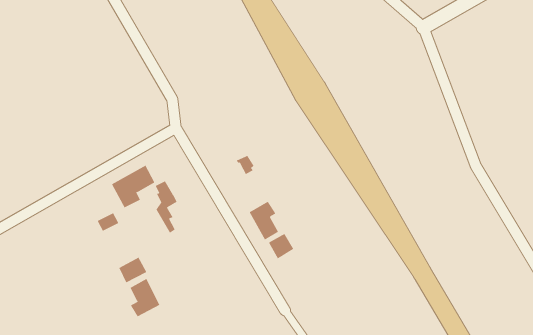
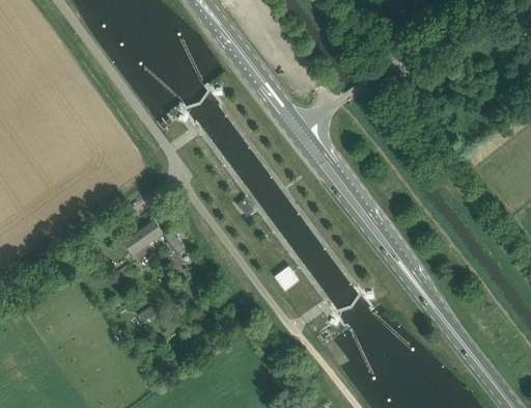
building: [249,201,279,241] -> none
building: [130,278,160,317] -> none

